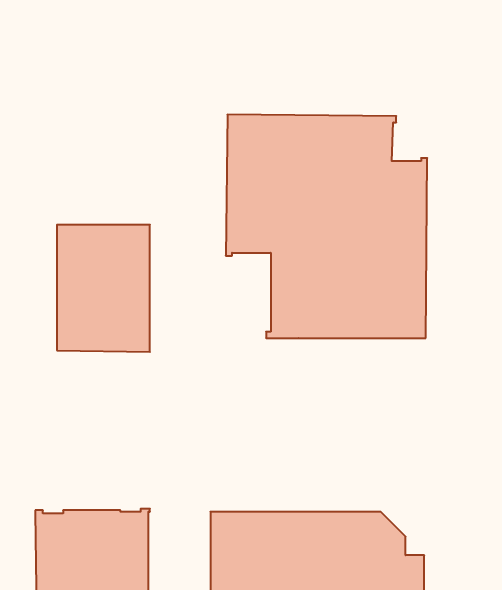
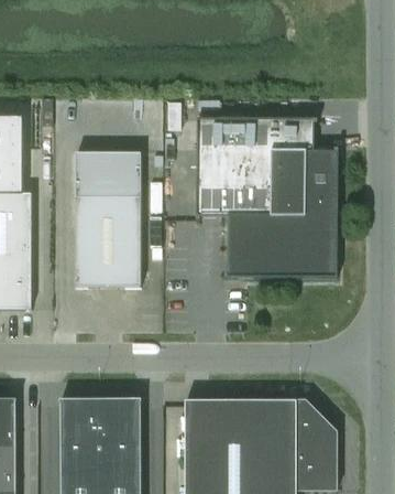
building: none -> [75,153,141,197]

